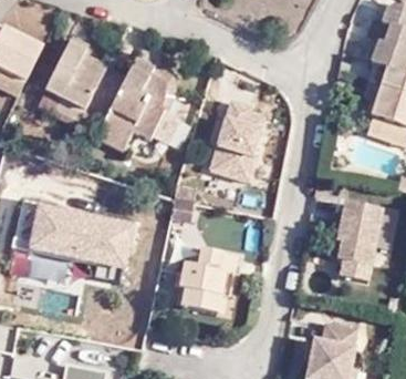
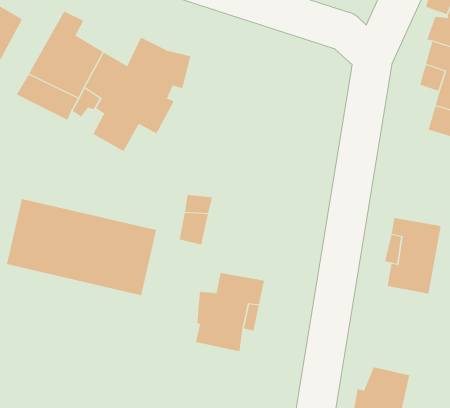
building: [221,99,277,177] -> none

